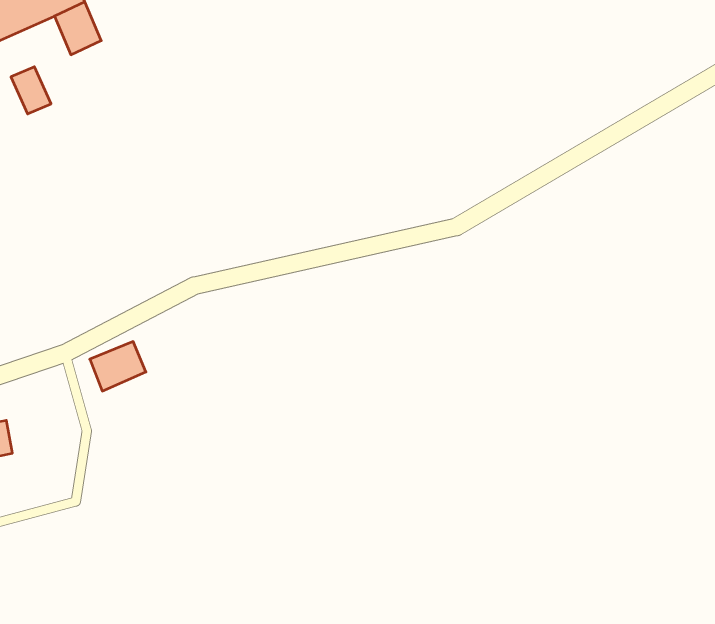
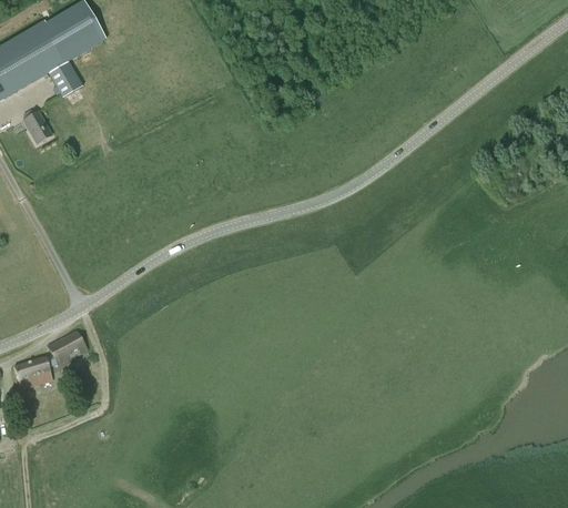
building: [90,342,146,391] -> [48,329,88,366]

